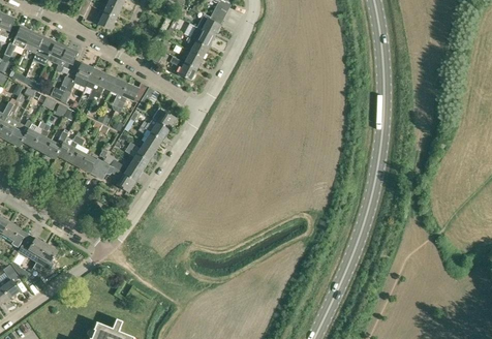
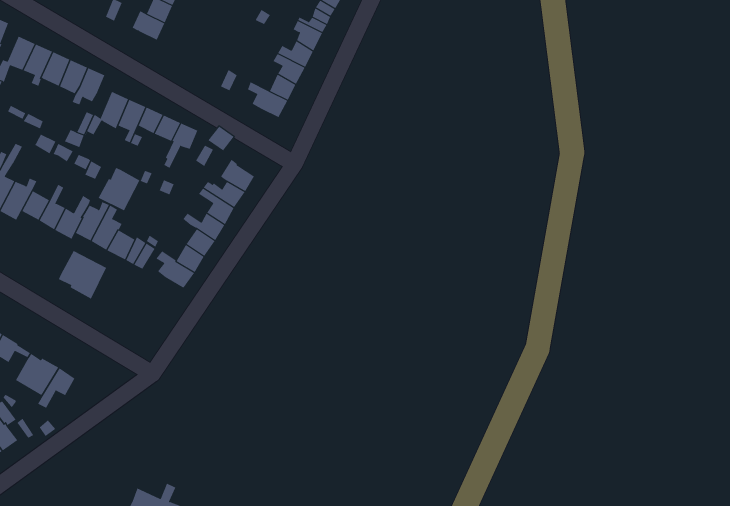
building: none -> [98,167,140,211]
building: none -> [58,250,107,300]

